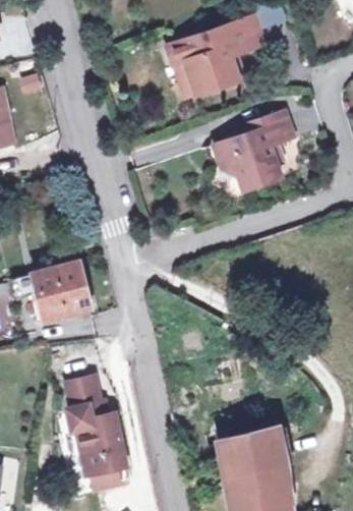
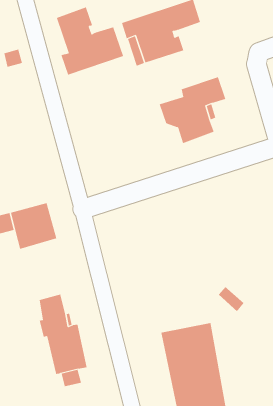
building: none -> [56,6,124,75]

